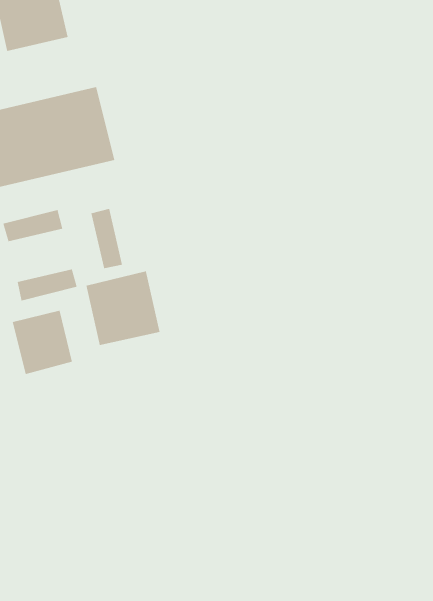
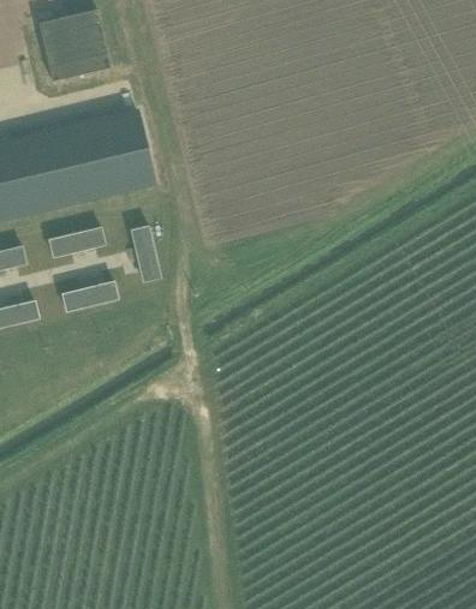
building: [86,270,160,346] -> none
building: [12,310,73,375] -> none

